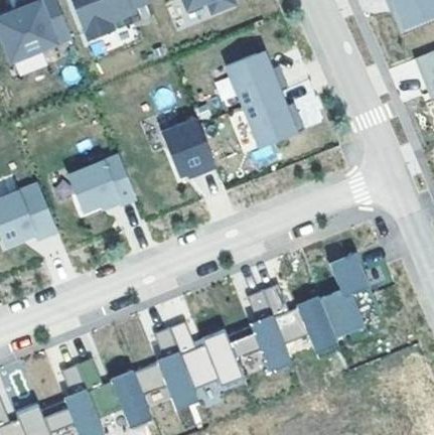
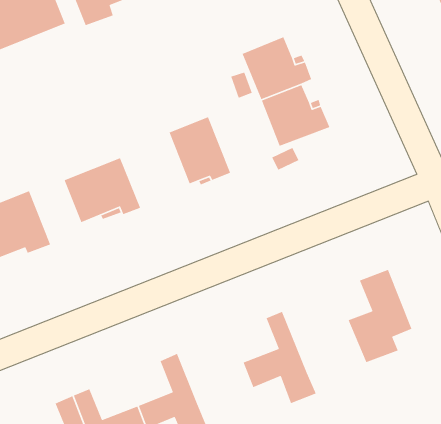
building: [261,284,337,354] -> none
building: [168,322,242,387] -> none

